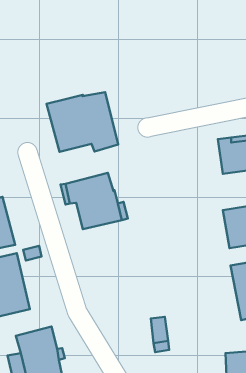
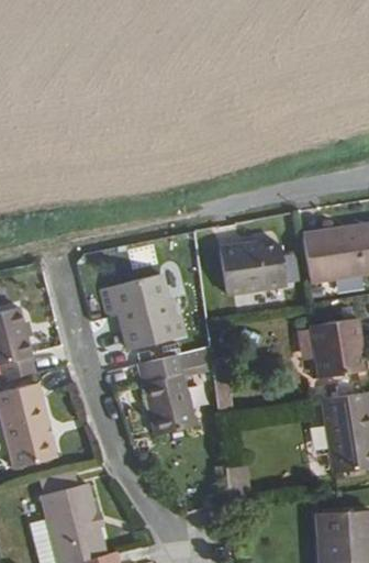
building: [47,92,118,152] -> none
building: none -> [211,239,276,288]
building: none -> [139,354,197,435]

